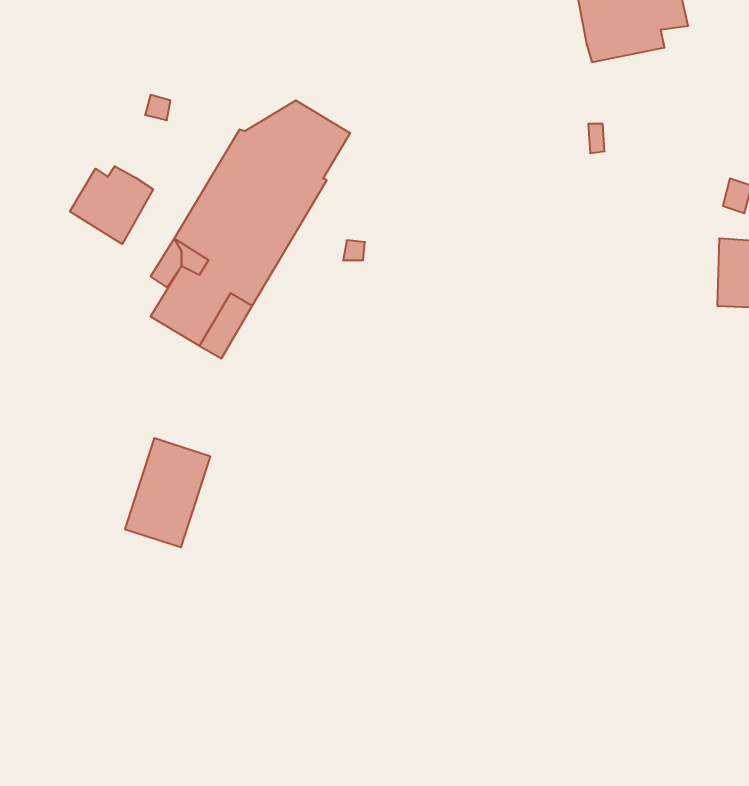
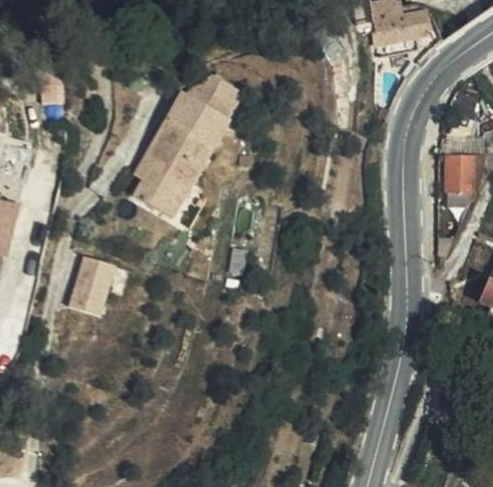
building: [70,166,153,244] -> none
building: [125,438,210,547] -> [68,250,115,310]

